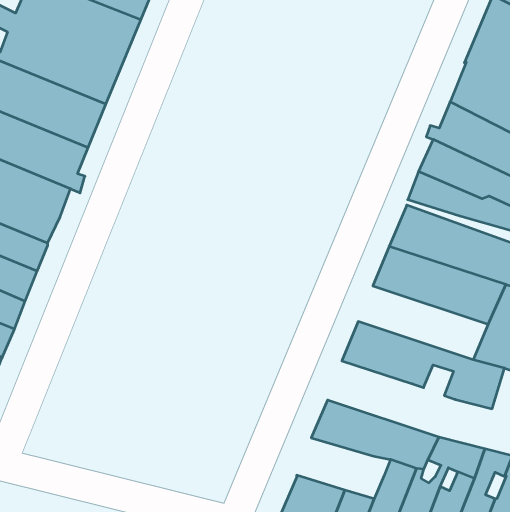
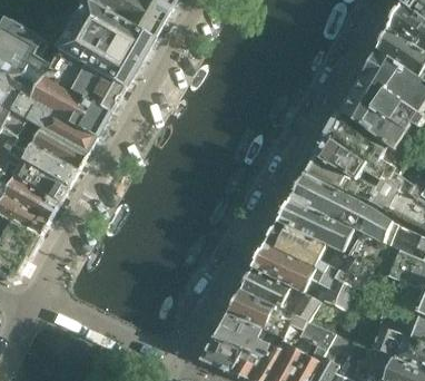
building: none -> [264,222,345,276]
building: none -> [238,266,318,322]
building: none -> [212,312,267,355]

